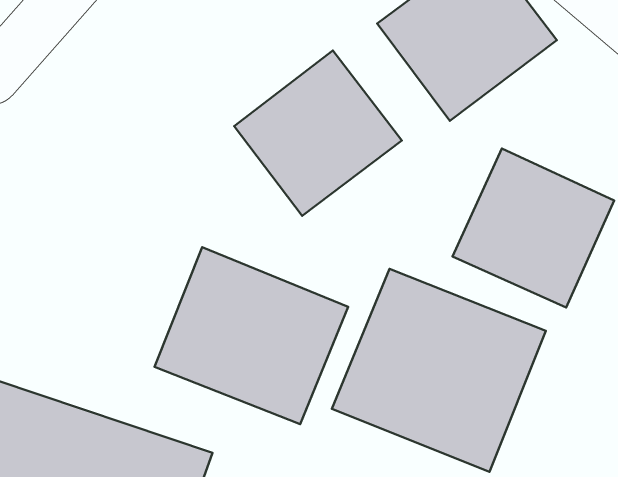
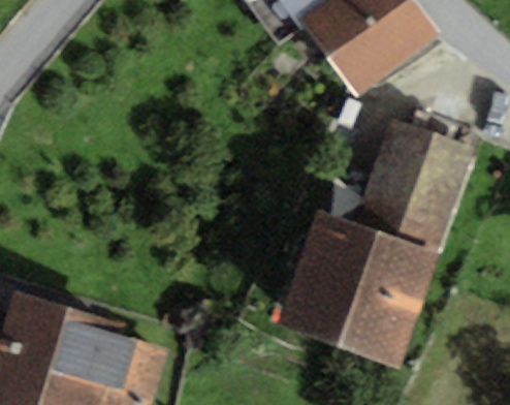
building: [234,50,402,216] -> none
building: [154,247,348,424] -> none

